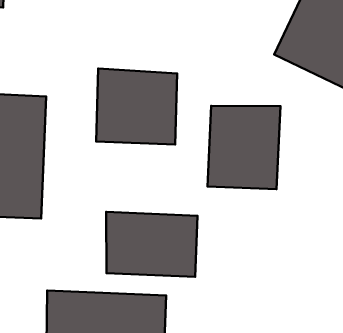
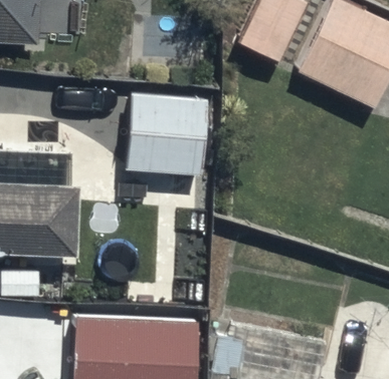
building: [208,106,280,189] -> none
building: [106,212,198,277] -> none

